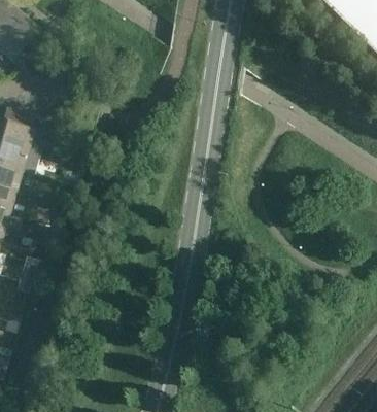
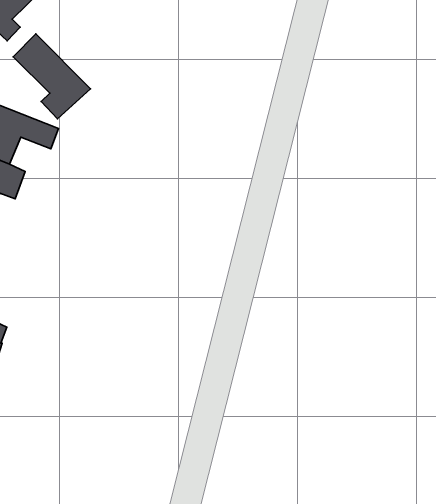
building: none -> [13,34,91,119]

